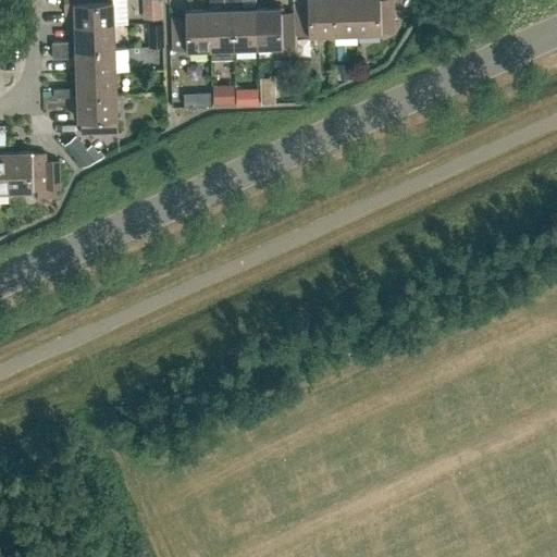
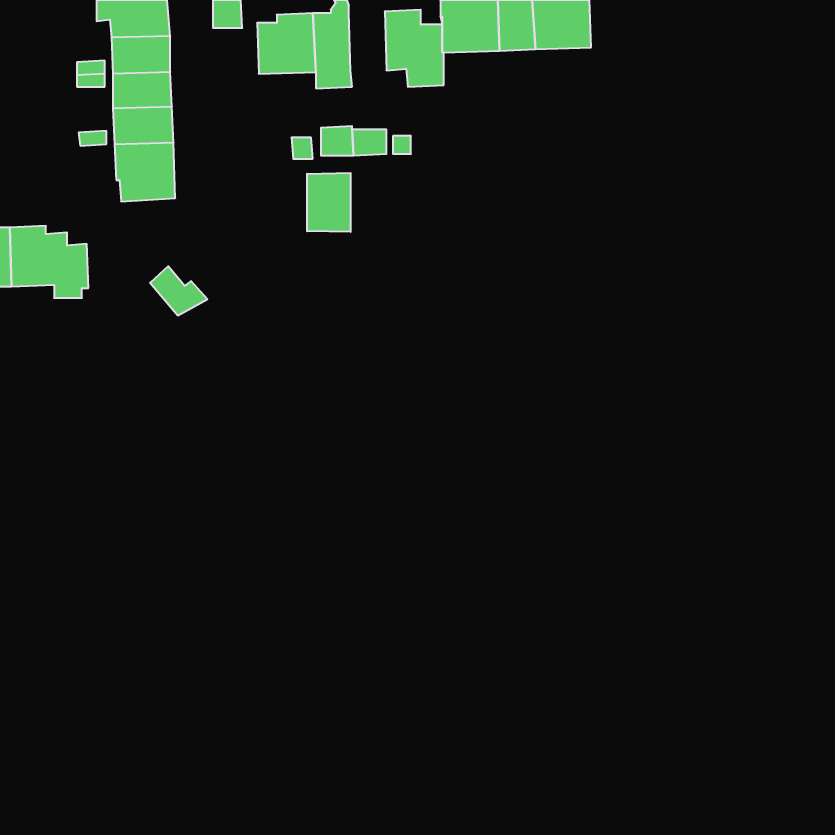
building: [232,9,257,48] -> none
building: none -> [307,173,351,232]
building: [63,135,101,168] -> [150,266,207,315]

